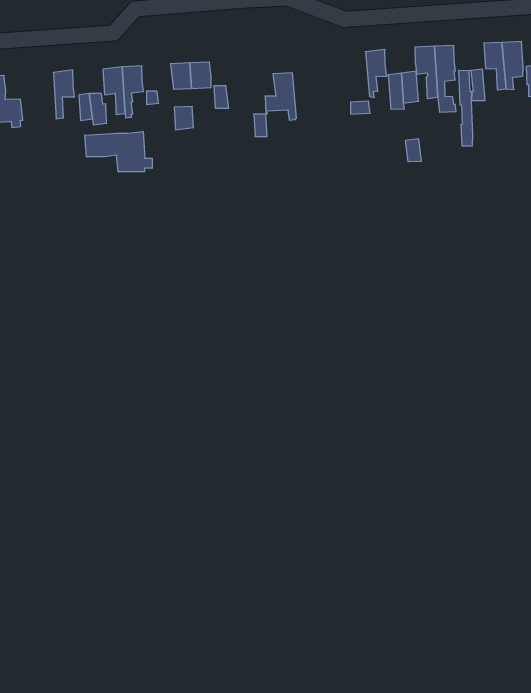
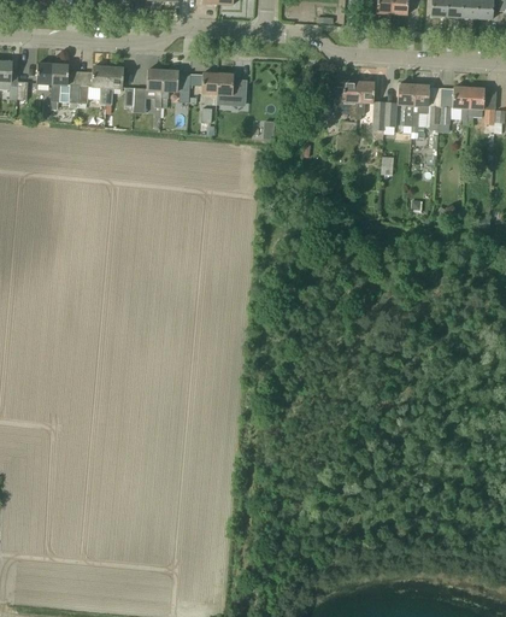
building: none -> [80,65,108,104]
building: [265,73,297,120] -> [334,80,359,118]
building: [85,131,152,172] -> none

